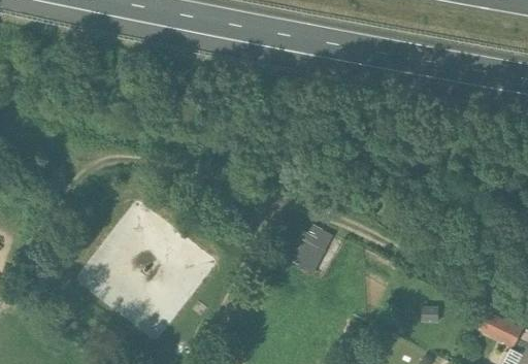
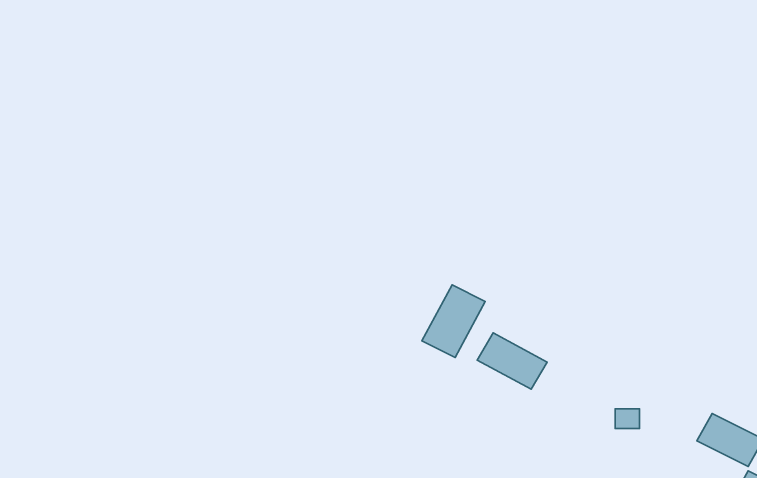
building: none -> [477,333,547,389]

